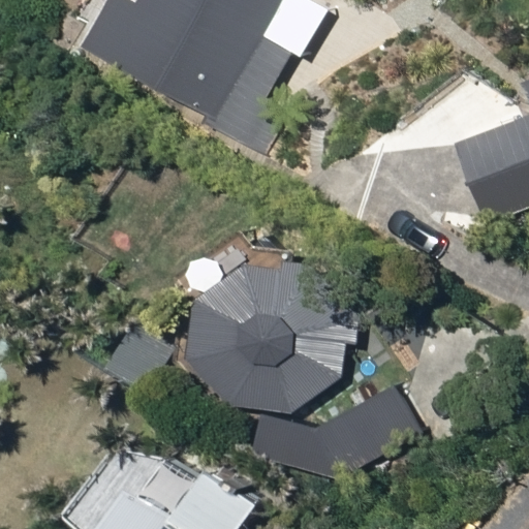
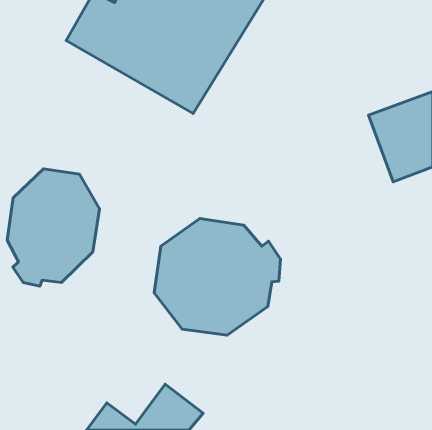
building: none -> [7,169,100,286]
building: [275,384,426,478] -> none

